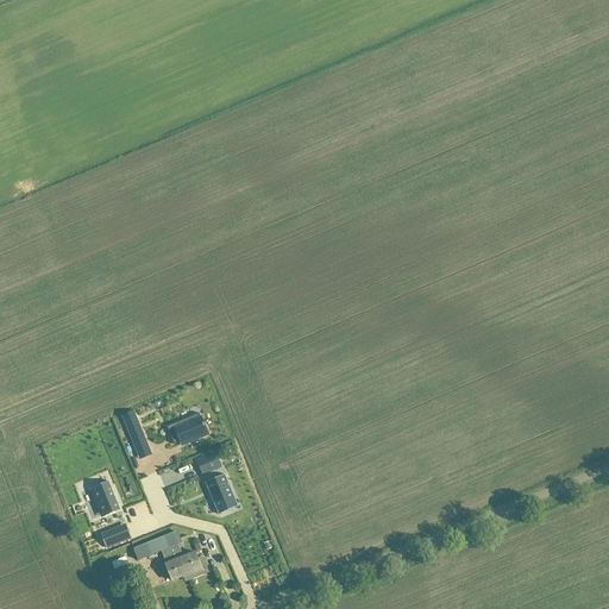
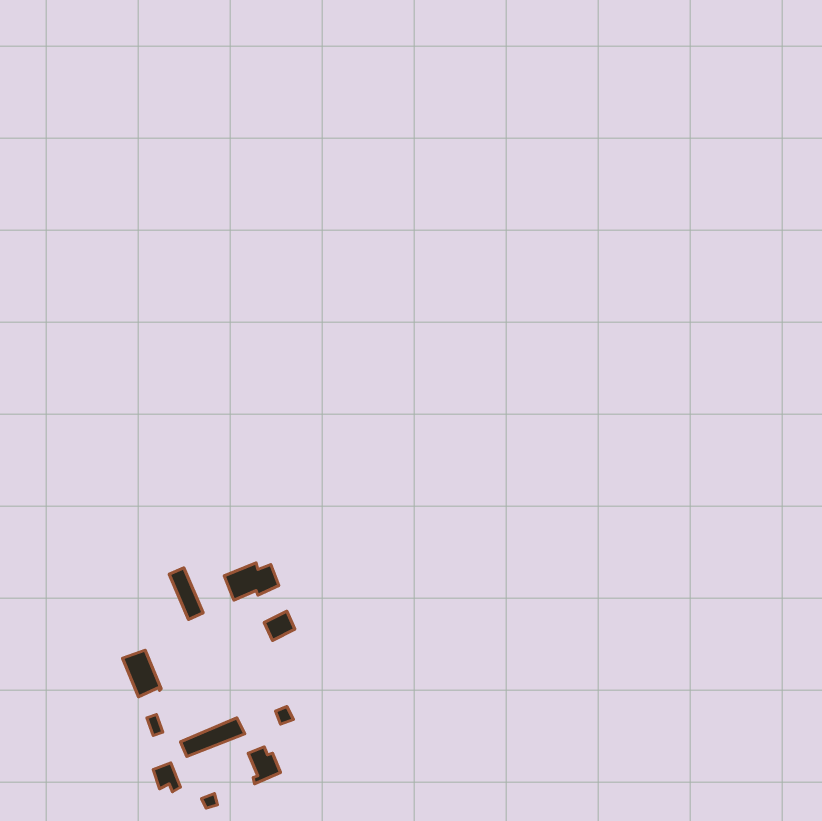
building: [205,472,234,507] -> none
building: [161,542,190,579] -> none

